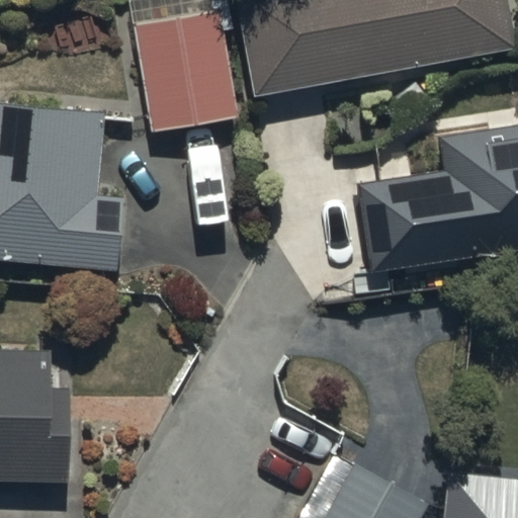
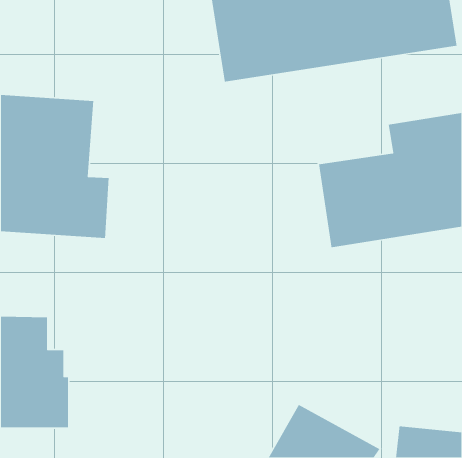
building: [131,10,240,137] -> none

